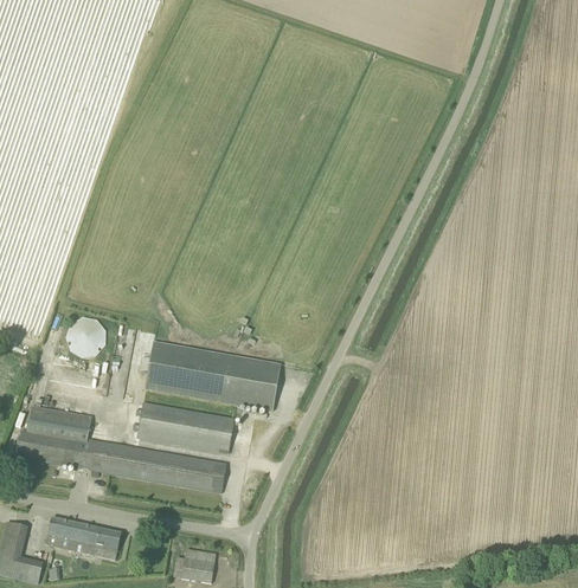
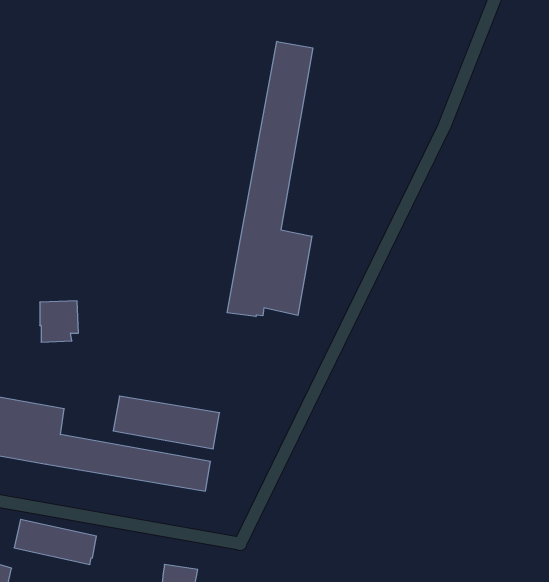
building: none -> [227,41,313,317]
building: [146,342,281,409] -> none

